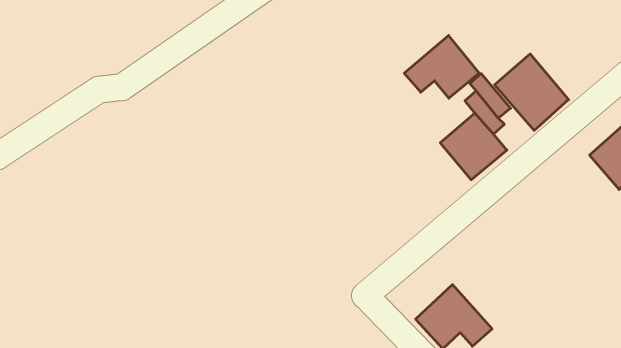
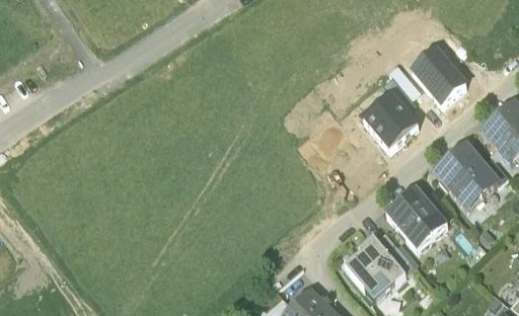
building: [404,35,479,98] -> none
building: none -> [436,144,498,202]
building: none -> [381,181,446,245]

